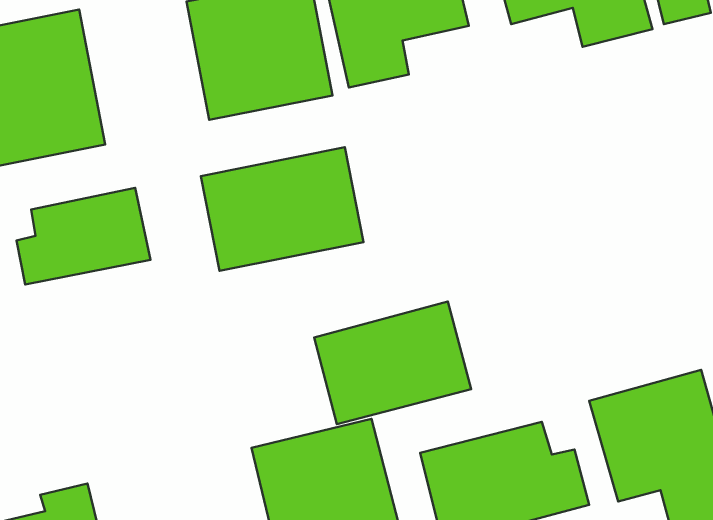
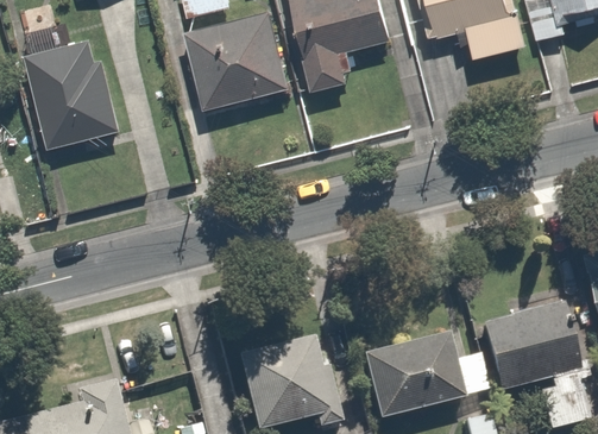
building: [201,147,364,271] -> none
building: [16,188,151,284] -> none
building: [314,301,471,424] -> none

